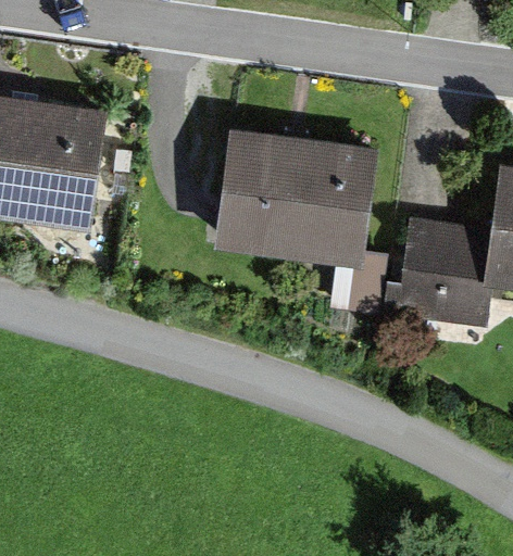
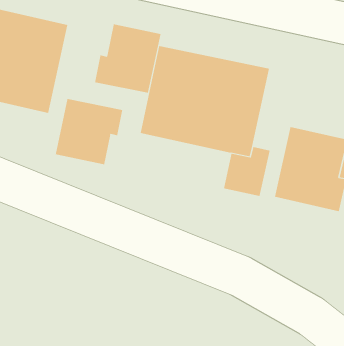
building: none -> [94,23,161,94]
building: none -> [55,98,123,165]

